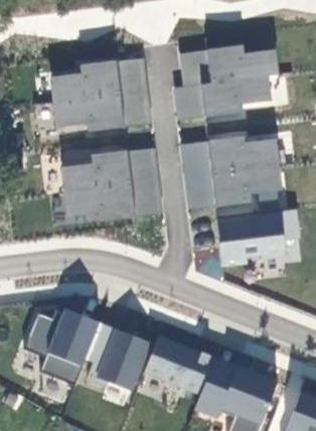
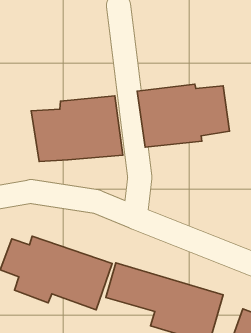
building: [172,45,278,121] -> none
building: [47,58,150,133] -> none
building: [215,209,284,266] -> none

